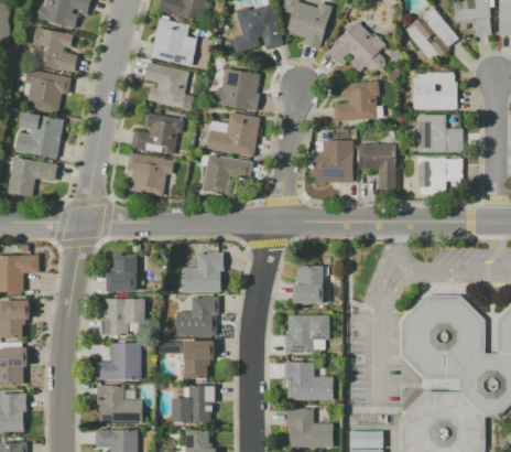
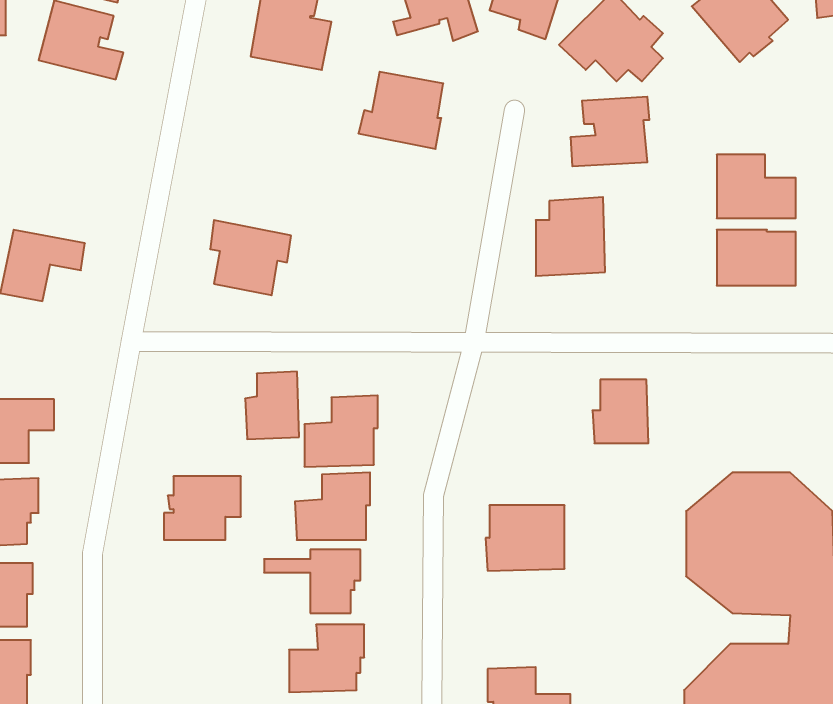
building: [144,62,188,108] -> none
building: [24,67,72,114] -> none
building: [413,72,456,109] -> none
building: [132,108,184,154] -> none
building: [17,112,64,159] -> none
building: [207,112,261,158] -> none
building: [359,143,394,191] -> none
building: [202,154,254,198] -> none
building: [107,254,138,292] -> [245,372,299,439]
building: [293,266,325,302] -> [592,380,648,443]
building: [97,342,141,380] -> none
building: [285,363,334,400] -> none
building: [96,386,142,424] -> none

